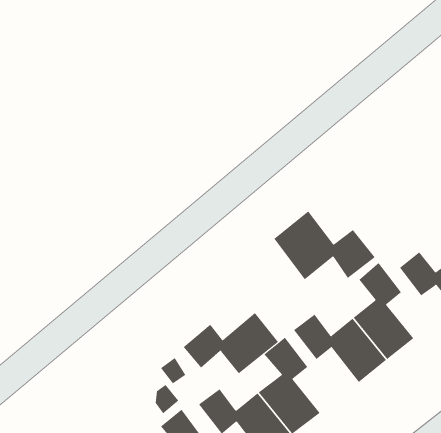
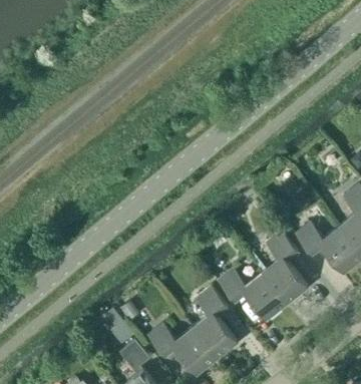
building: [274,211,375,280] -> none
building: [183,312,279,374] -> none

